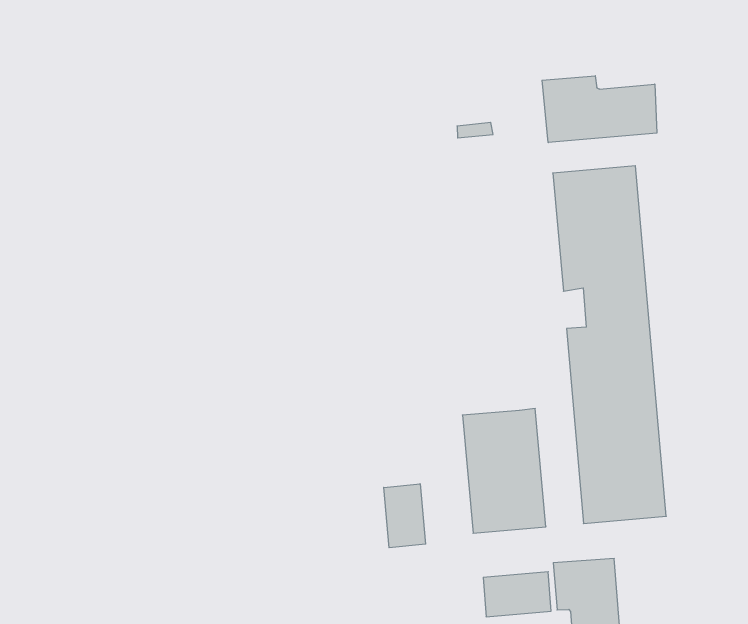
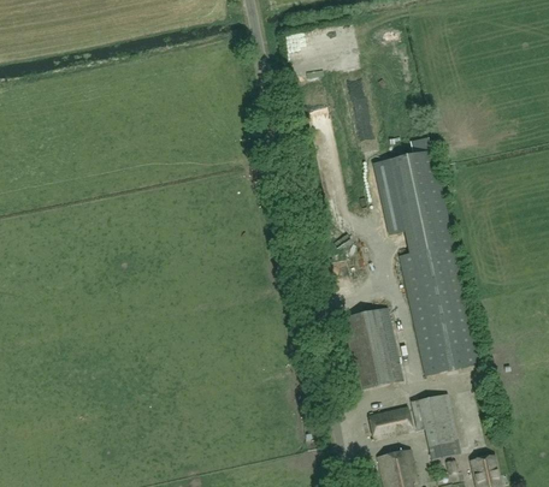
building: [542,76,657,143] -> none
building: [384,484,426,548] -> none

